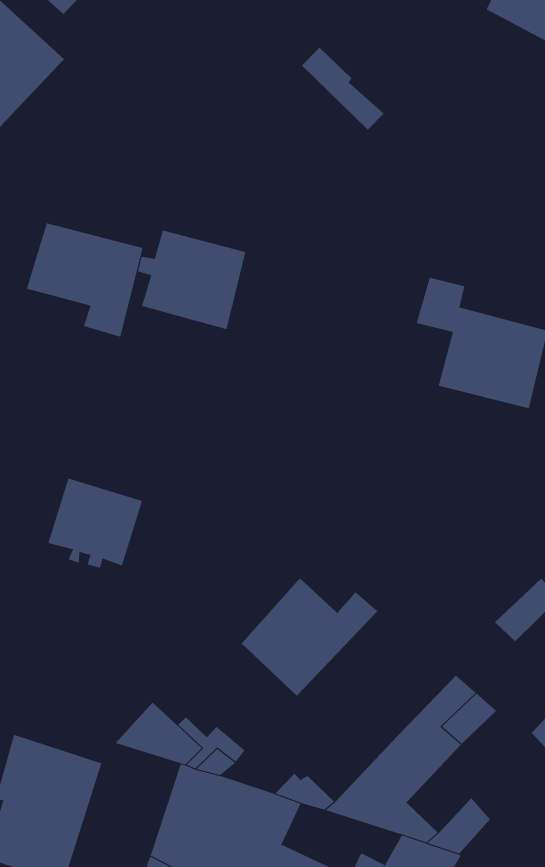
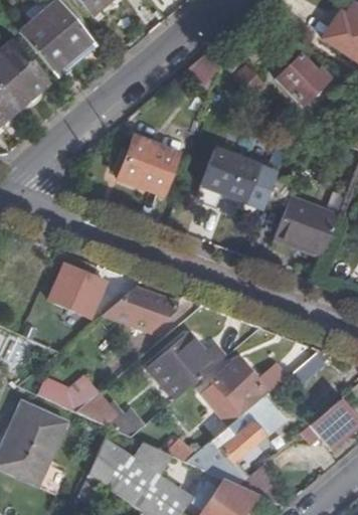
building: none -> [277,54,331,105]
building: [26,222,143,337] -> none
building: none -> [200,149,257,200]
building: none -> [106,289,178,330]
building: none -> [203,359,288,424]
building: none -> [38,377,100,411]

